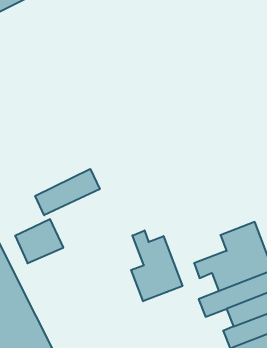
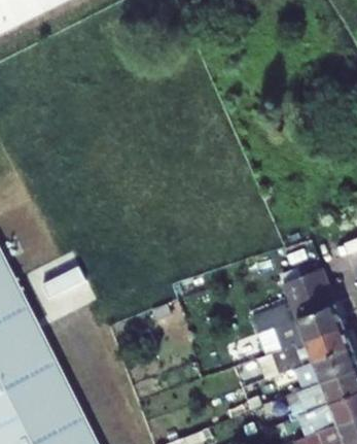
building: [35,169,100,215] -> none
building: [131,230,182,301] -> none

